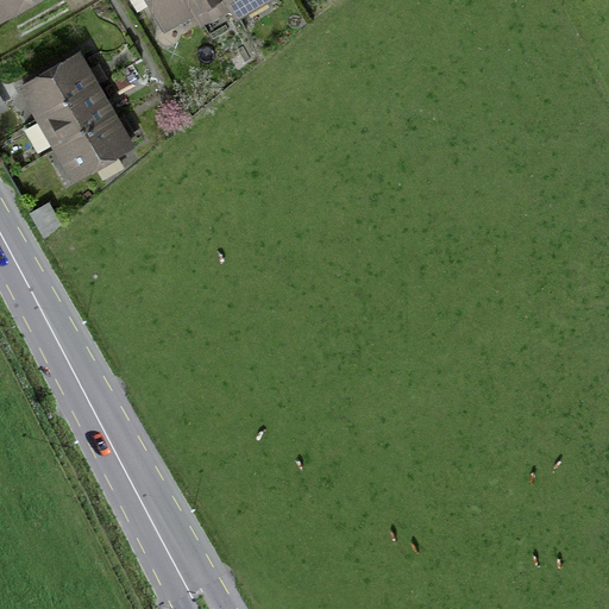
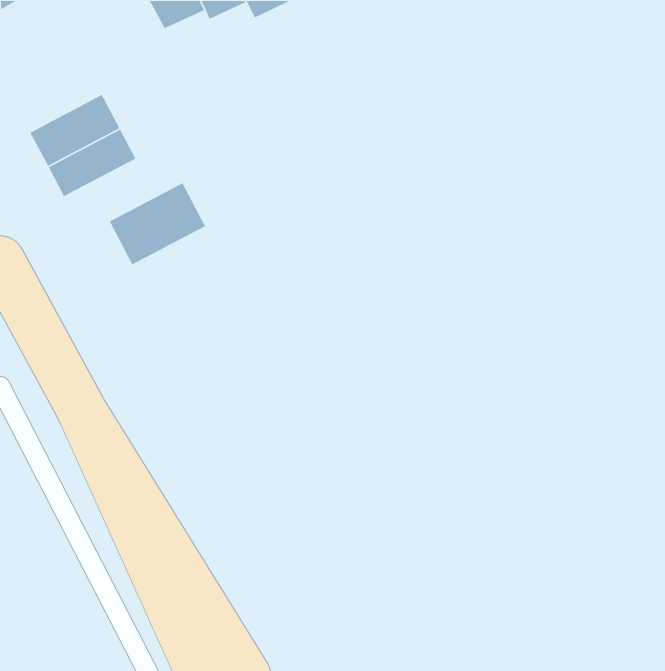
building: [17,50,102,124] -> none
building: none -> [109,182,206,266]

